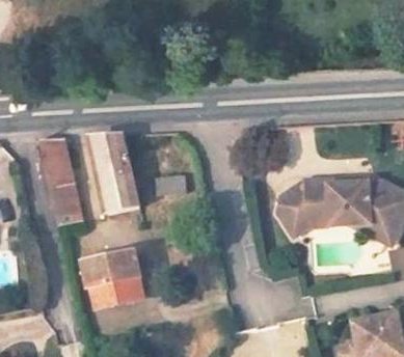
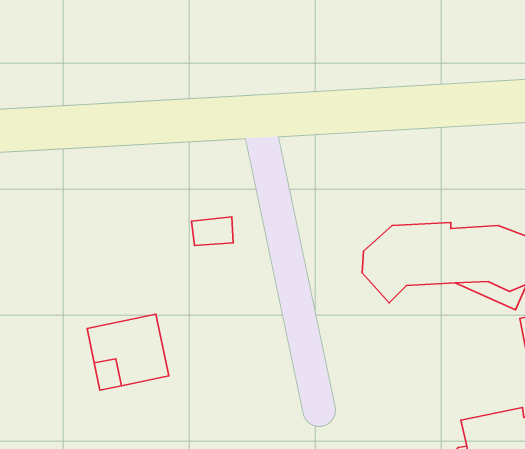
building: [88,130,135,209] -> none
building: [35,134,77,220] -> none

